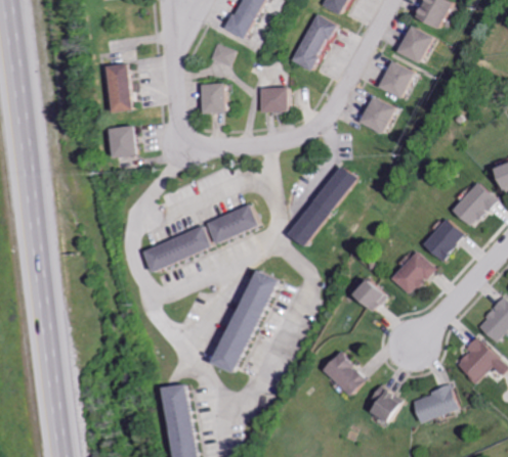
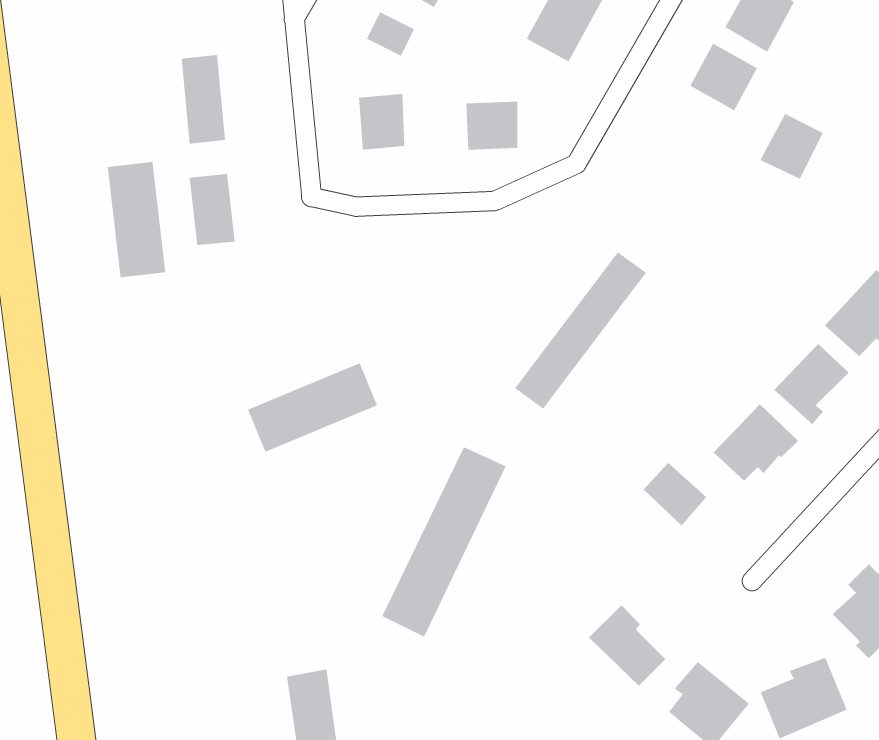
building: [357,94,391,129] -> [759,113,824,180]
building: none -> [107,161,166,278]
building: [207,207,259,247] -> none

